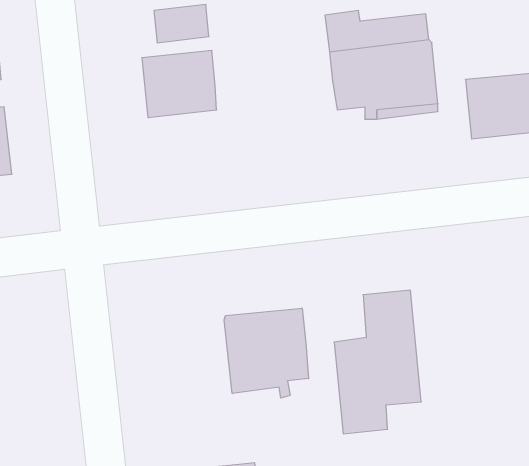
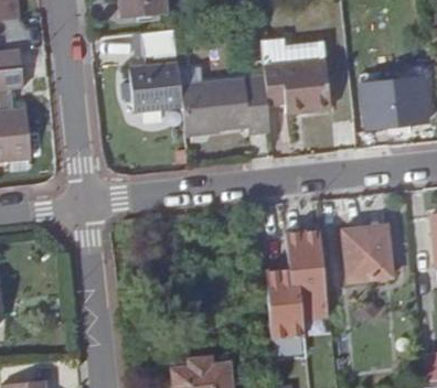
building: none -> [180,80,271,138]
building: none -> [343,224,393,280]
building: [224,308,309,398] -> none

